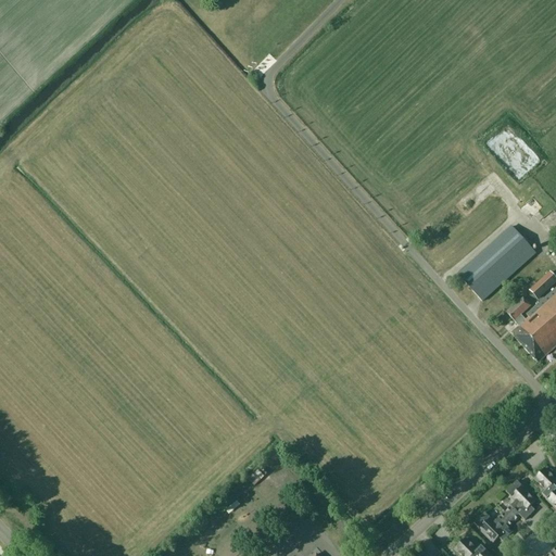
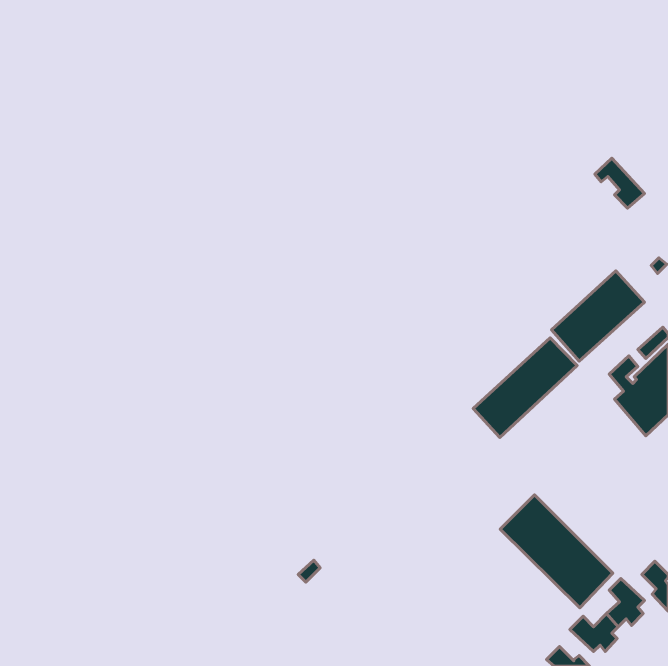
building: none -> [473,338,577,438]
building: none -> [500,495,613,608]

